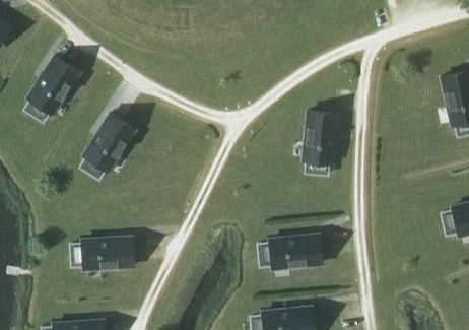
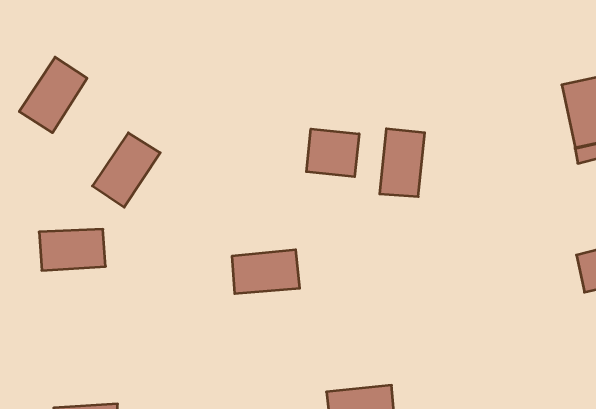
building: none -> [306,129,359,177]
building: [269,236,321,269] -> [232,250,300,294]
building: [81,239,132,270] -> [39,229,106,270]

